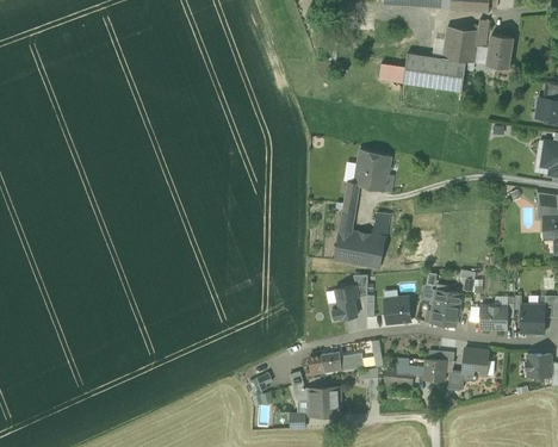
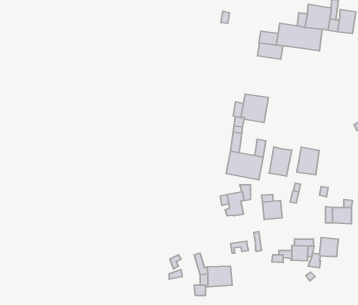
building: none -> [258,43,283,59]
building: none -> [269,147,292,176]
building: [430,290,461,328] -> [297,147,319,175]
building: [311,353,342,375] -> none

